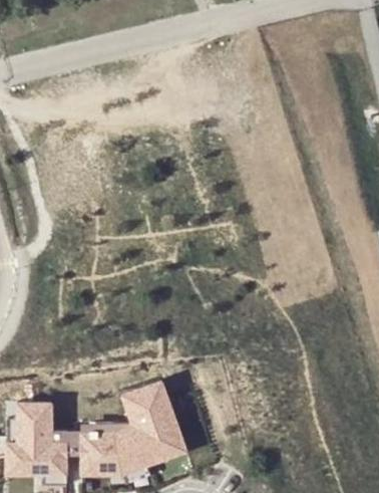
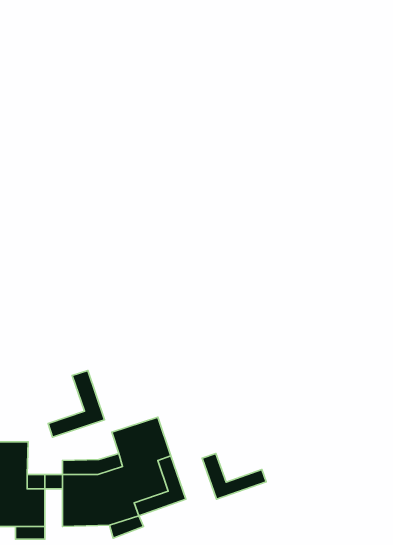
building: none -> [48,370,104,437]
building: none -> [202,454,266,499]

